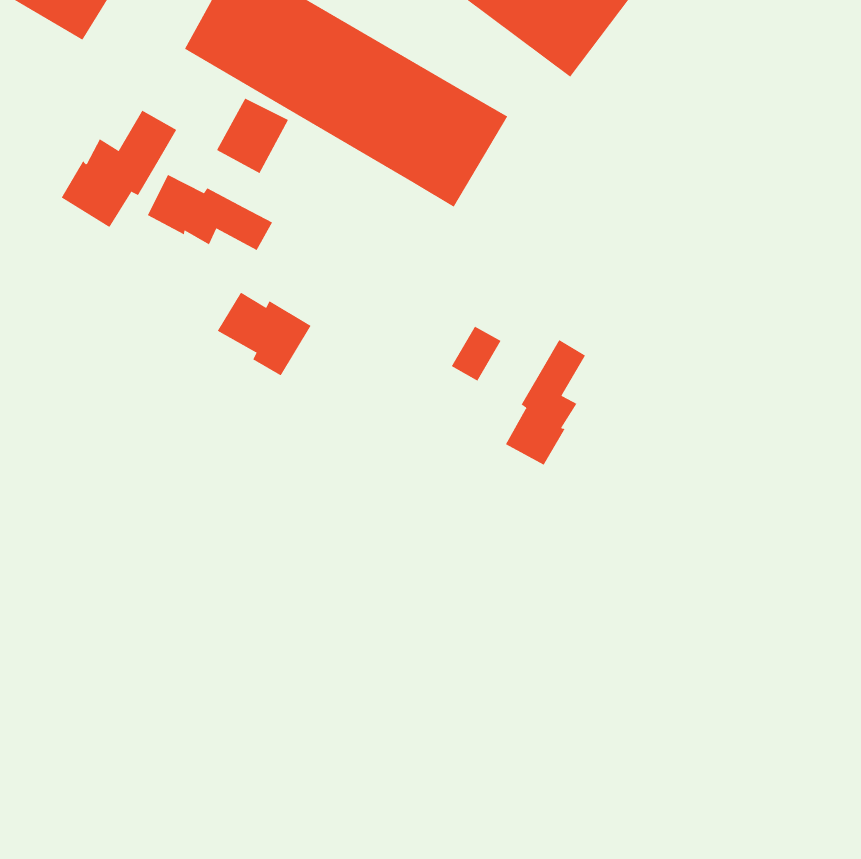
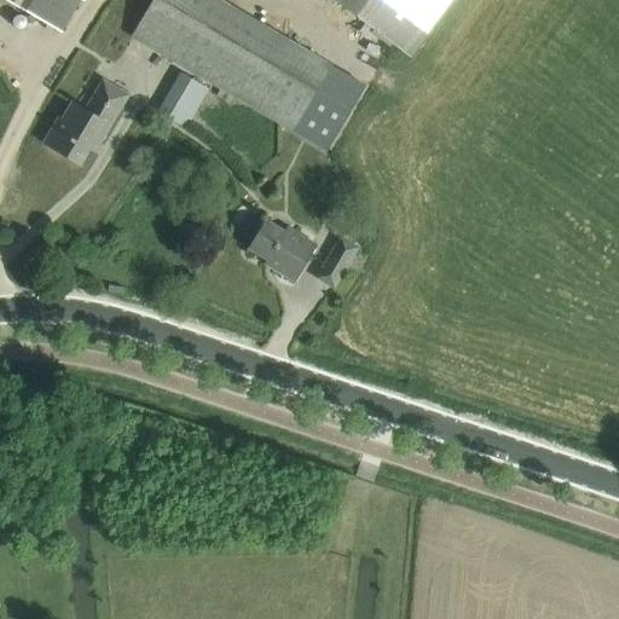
building: [147,174,273,251] -> none
building: [217,292,312,376] -> [249,219,317,279]
building: [505,339,586,466] -> none

